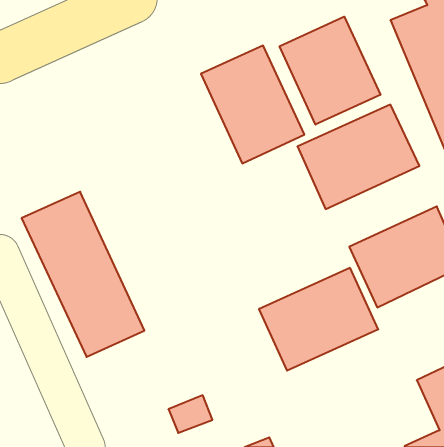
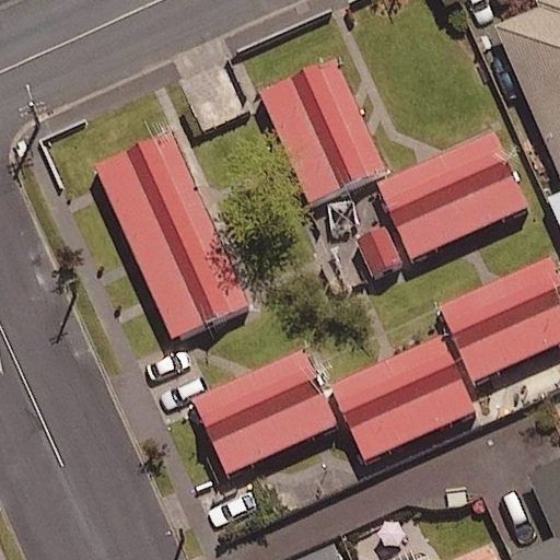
building: [280,17,380,125] -> none
building: [22,192,144,357] -> [96,132,249,338]
building: none -> [191,348,336,475]

